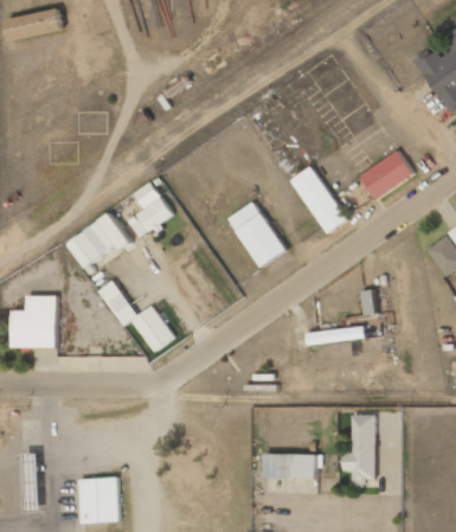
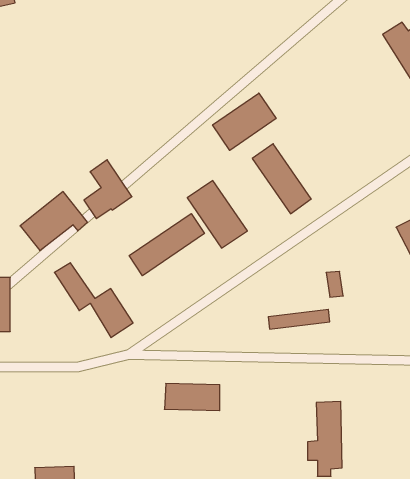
building: none -> [213,93,276,150]
building: [360,150,413,199] -> none
building: none -> [129,214,204,276]
building: [263,453,316,479] -> [164,384,220,411]

